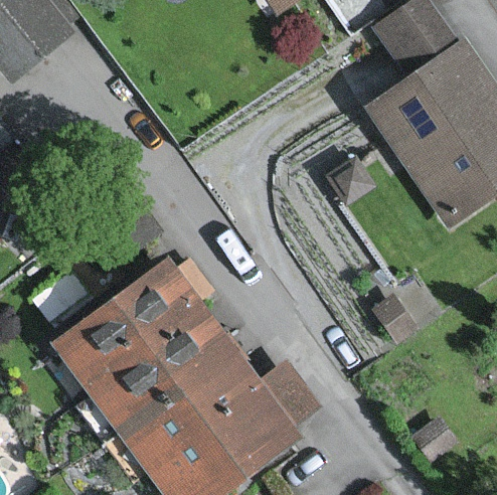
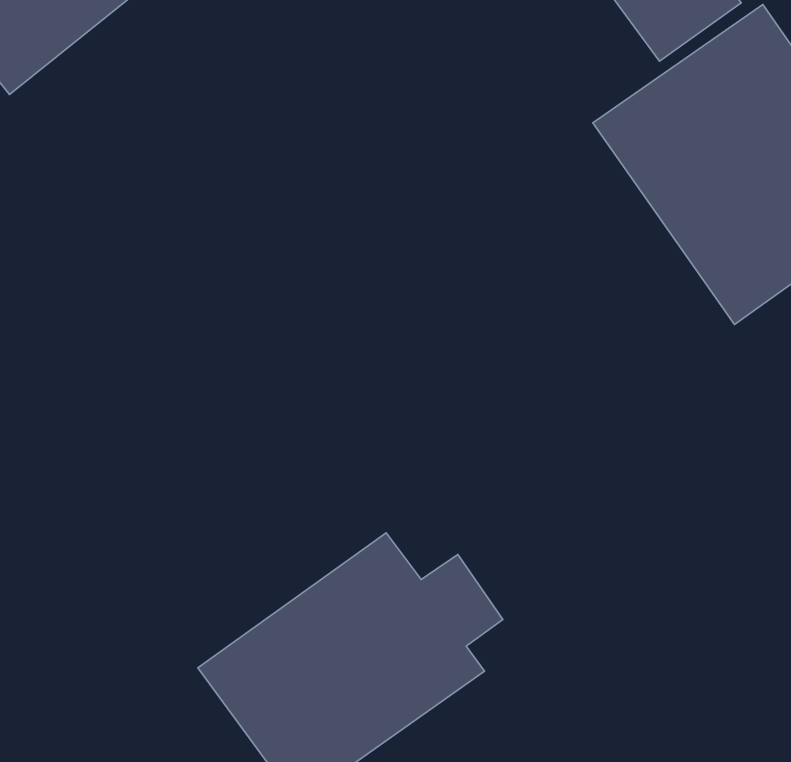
building: [56,259,237,434] -> none

